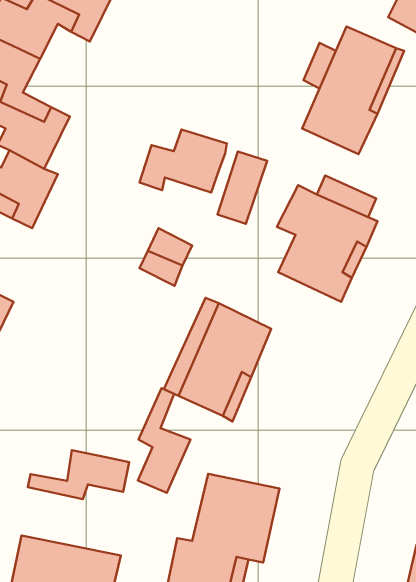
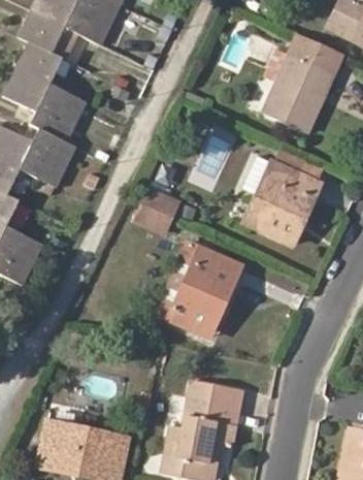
building: [139,129,227,192] -> none
building: [138,388,190,493] -> none
building: [28,450,129,499] -> none

